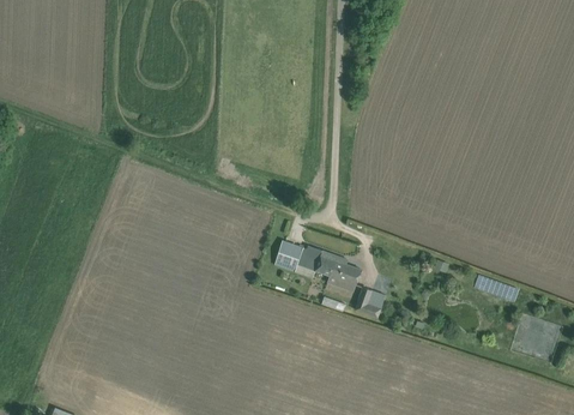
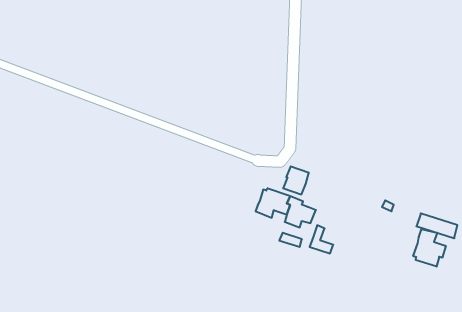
building: [274,240,303,271] -> [283,166,309,194]
building: none -> [413,229,446,267]

